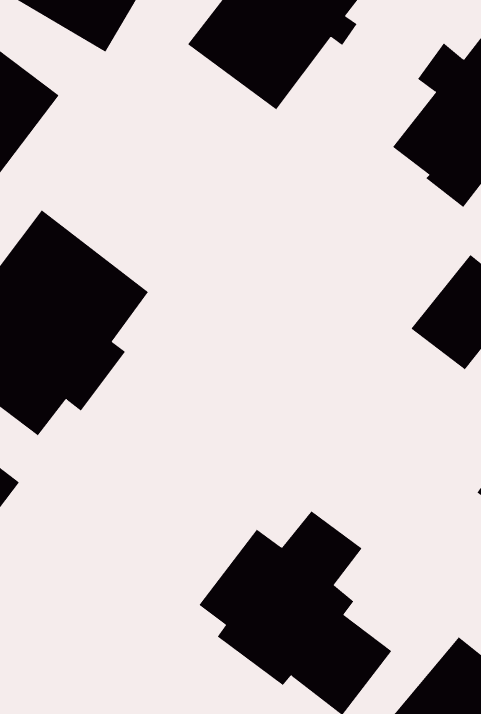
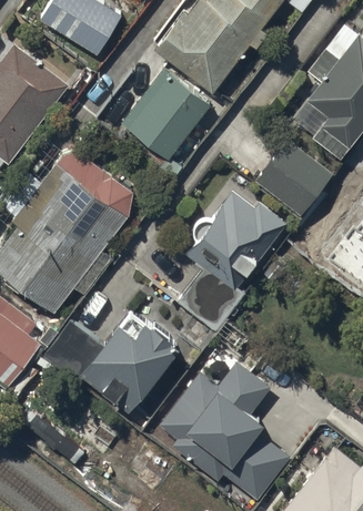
building: none -> [122,69,210,160]
building: none -> [255,140,332,216]
building: none -> [179,192,289,331]
building: none -> [44,323,179,411]

